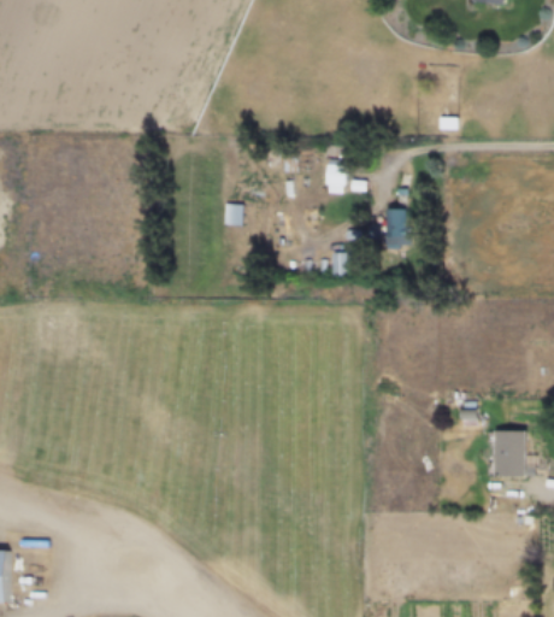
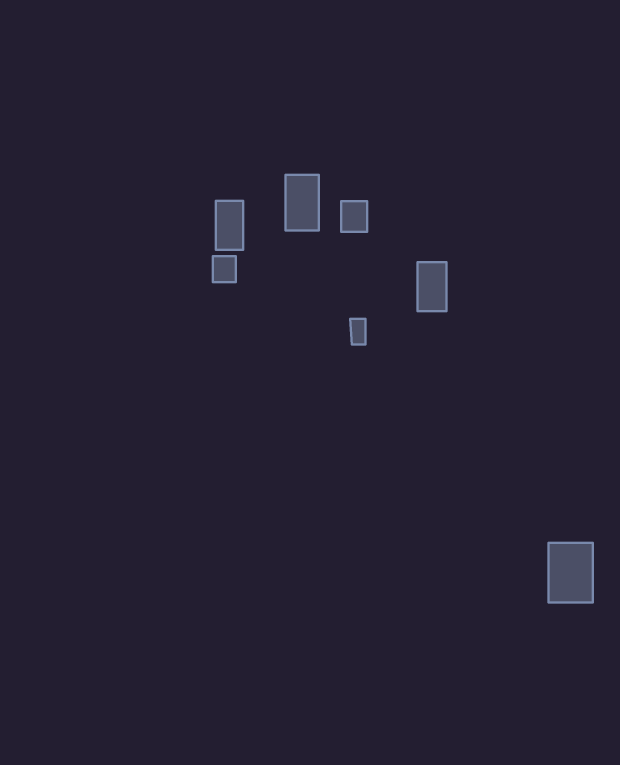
building: none -> [286,175,319,230]
building: none -> [216,201,243,250]

